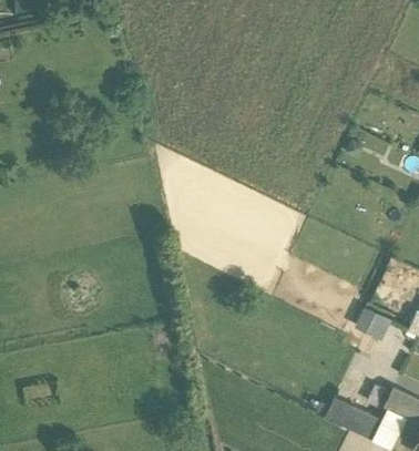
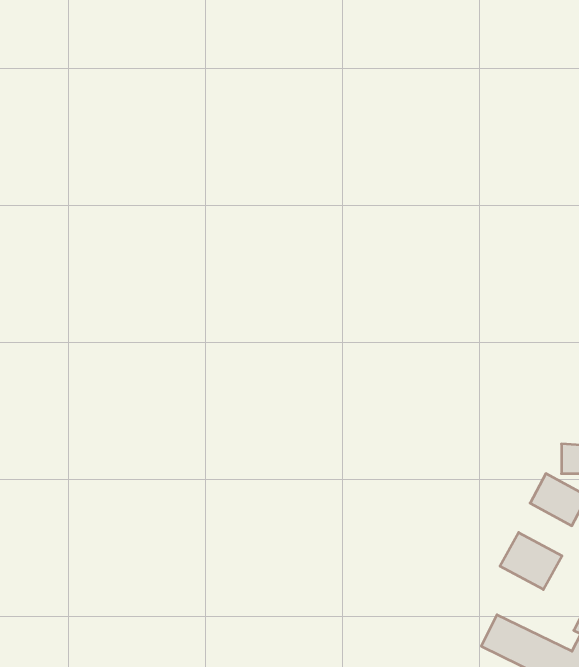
building: none -> [500,532,562,590]

